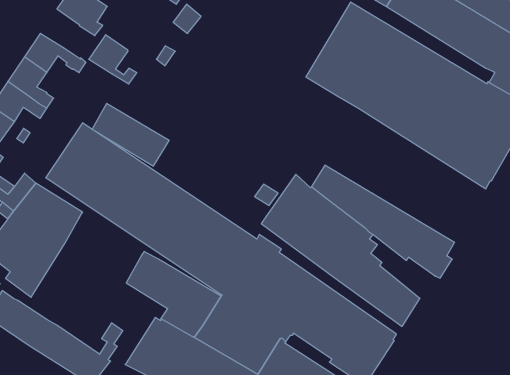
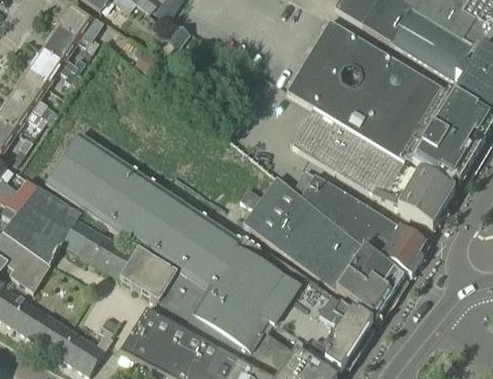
building: [89,35,137,84] -> [40,27,85,72]
building: none -> [285,90,454,230]
building: [92,103,169,166] -> [63,220,134,278]
building: none -> [345,235,403,294]

